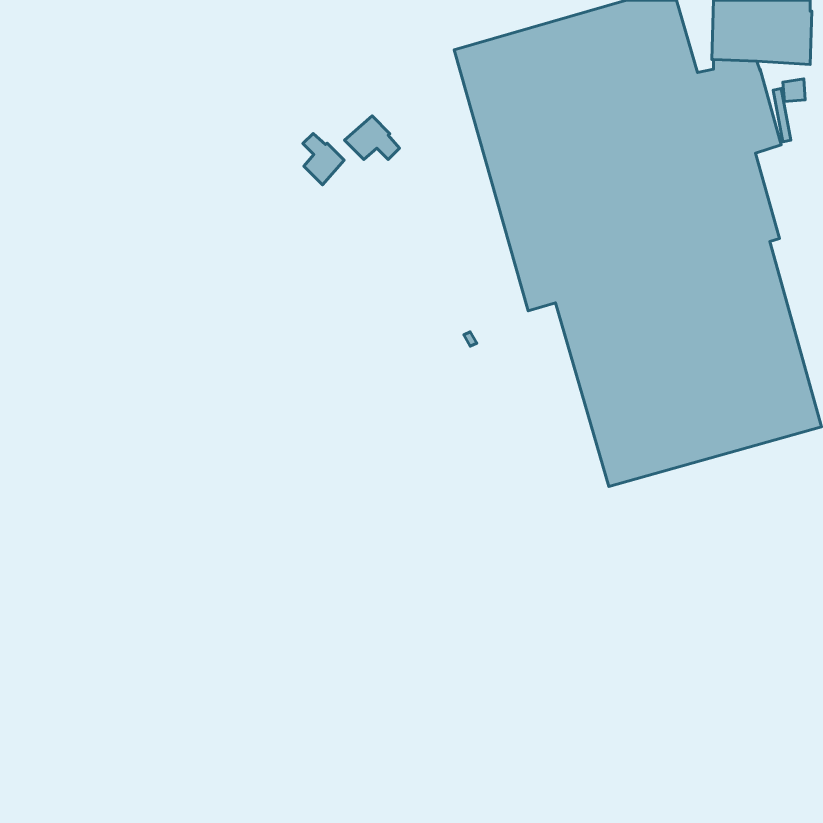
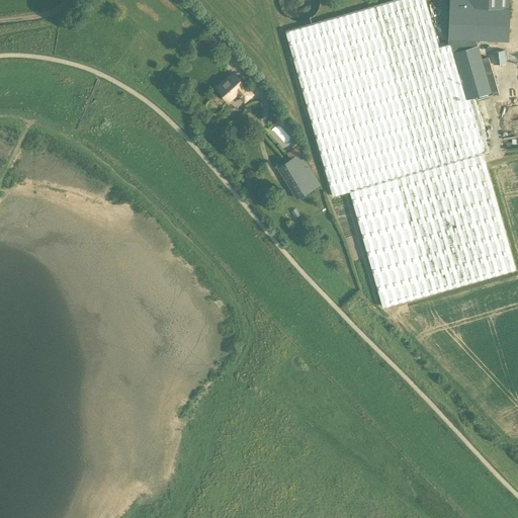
building: [303,133,344,185] -> none
building: none -> [276,151,320,198]

